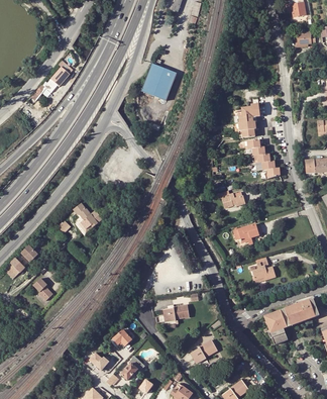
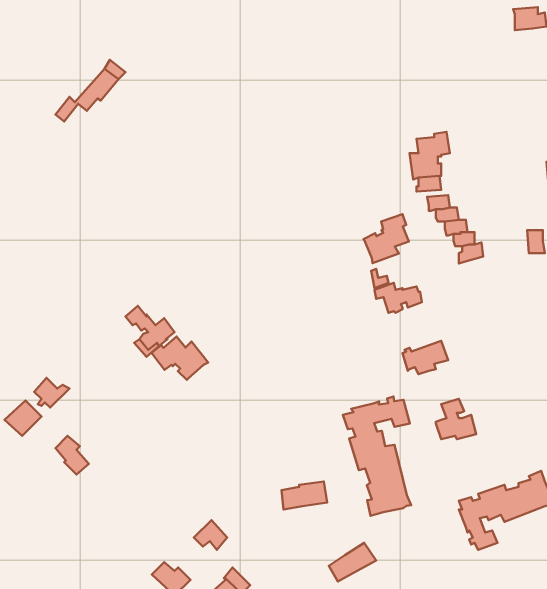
building: [141,64,177,100] -> none
building: none -> [364,214,409,263]
building: none -> [152,337,208,380]
building: none -> [343,397,411,516]

